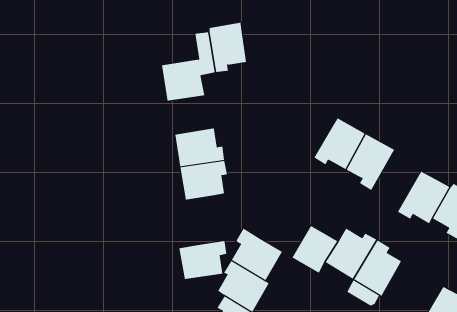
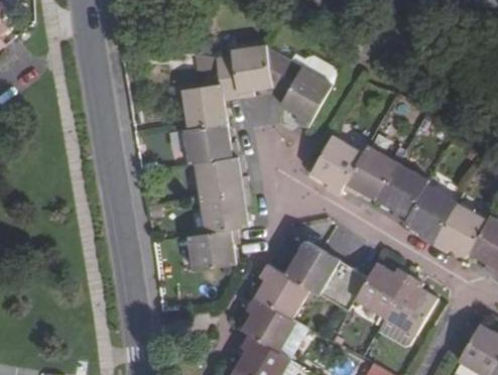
building: none -> [266,48,331,127]
building: none -> [182,122,237,164]
building: none -> [310,135,362,197]
building: none -> [403,184,456,245]
building: none -> [285,240,339,293]
building: [179,240,227,279] -> [188,228,239,269]

